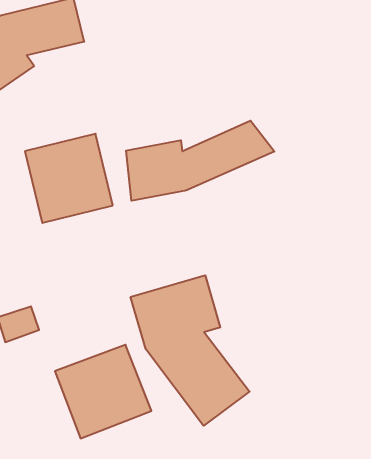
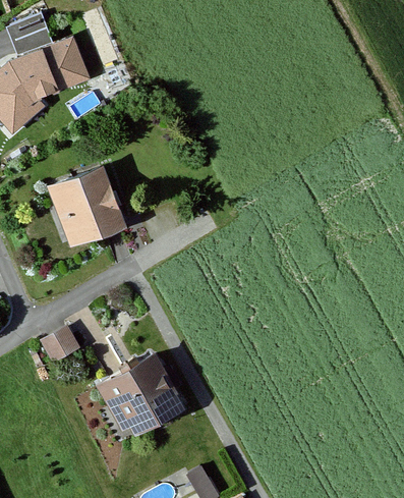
building: [126,121,274,201] -> none
building: [131,275,250,426] -> none

